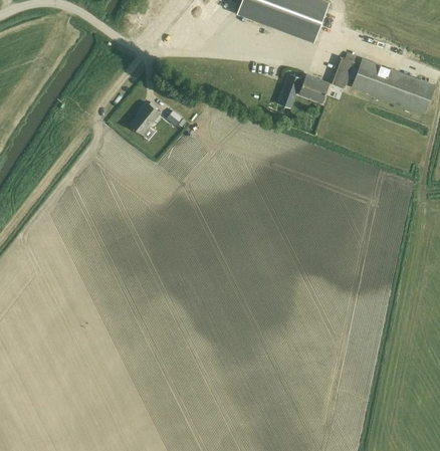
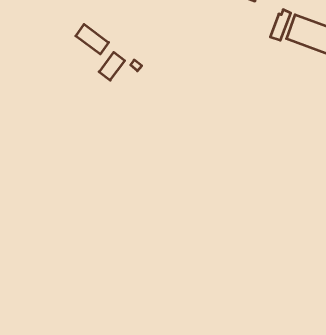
building: none -> [76,24,109,54]
building: [280,73,328,102] -> none

